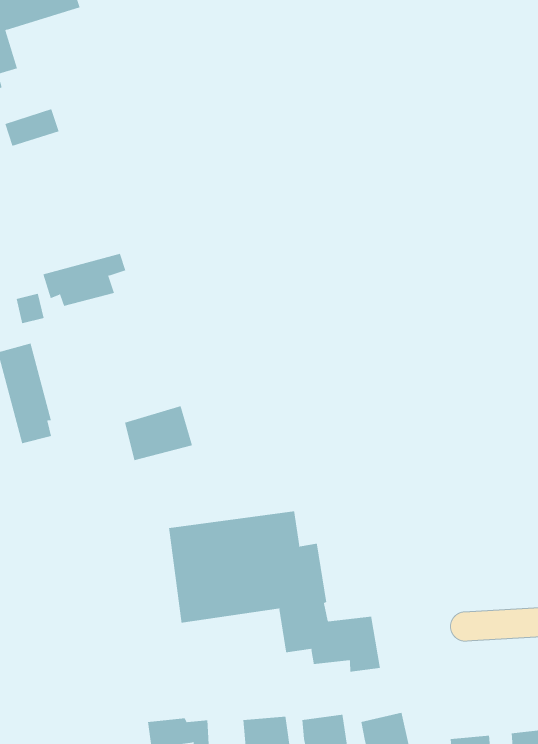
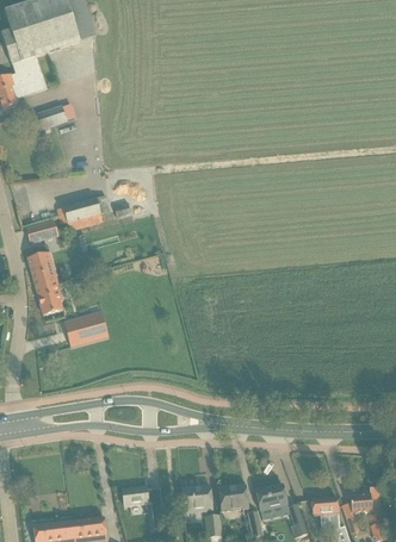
building: [124,405,193,461] -> [64,311,107,345]
building: [169,510,380,672] -> none

